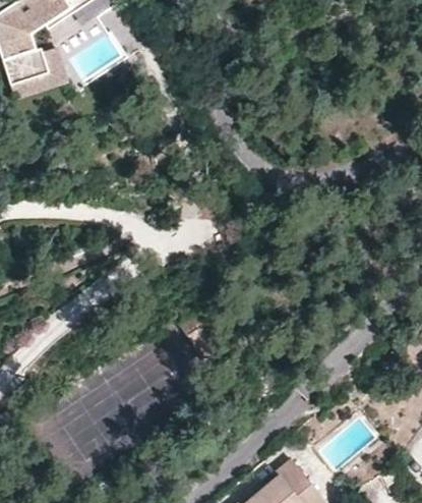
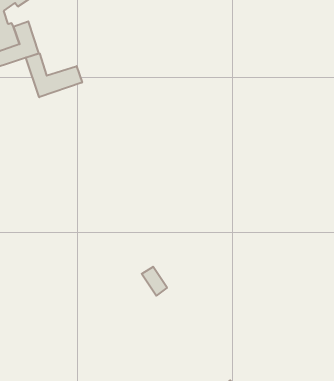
building: none -> [26,53,82,97]

